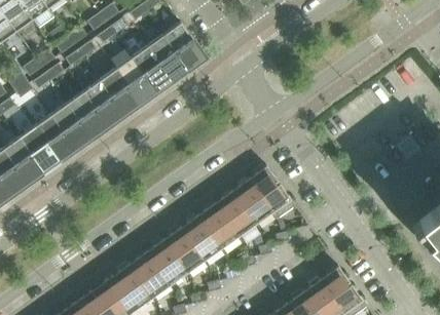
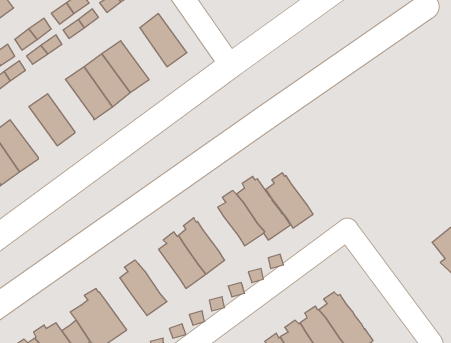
building: [147,35,187,80] -> none
building: [83,80,123,126] -> none
building: [50,104,91,149] -> none
building: [214,189,255,237] -> [266,173,313,228]
building: [162,225,204,273] -> none
building: [129,249,170,298] -> none

